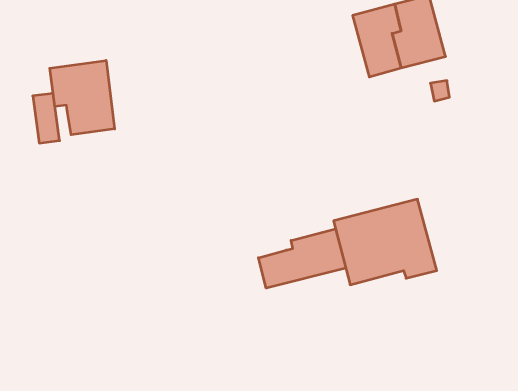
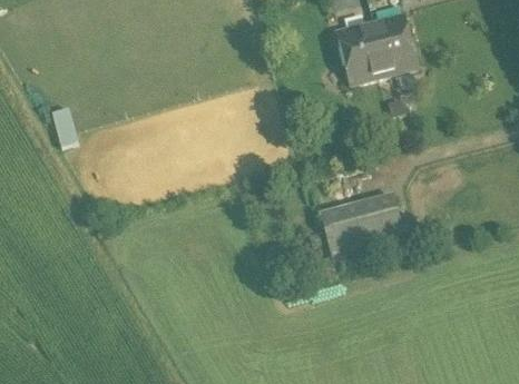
building: [50,60,115,135] -> none
building: [258,229,346,288] -> none

